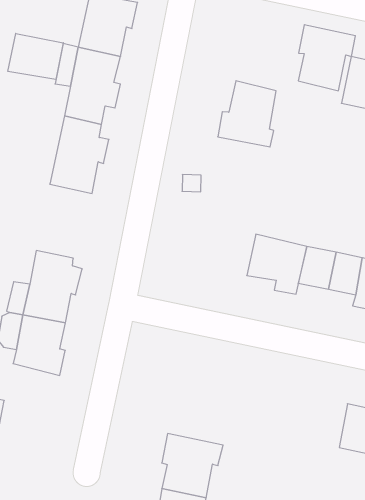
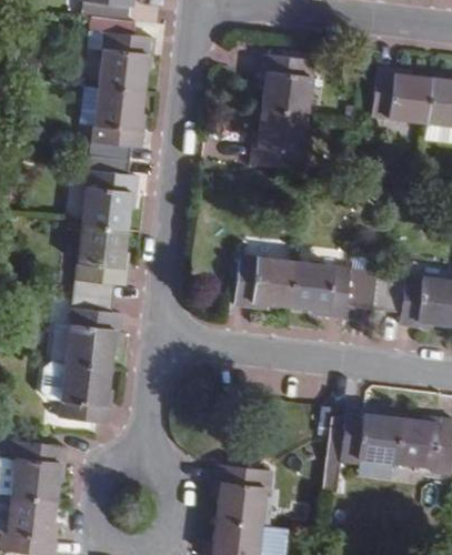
building: [298,25,355,91] -> [260,51,315,114]
building: [8,33,63,79] -> none
building: none -> [77,228,131,300]
building: none -> [231,253,295,305]
building: none -> [341,410,402,472]

